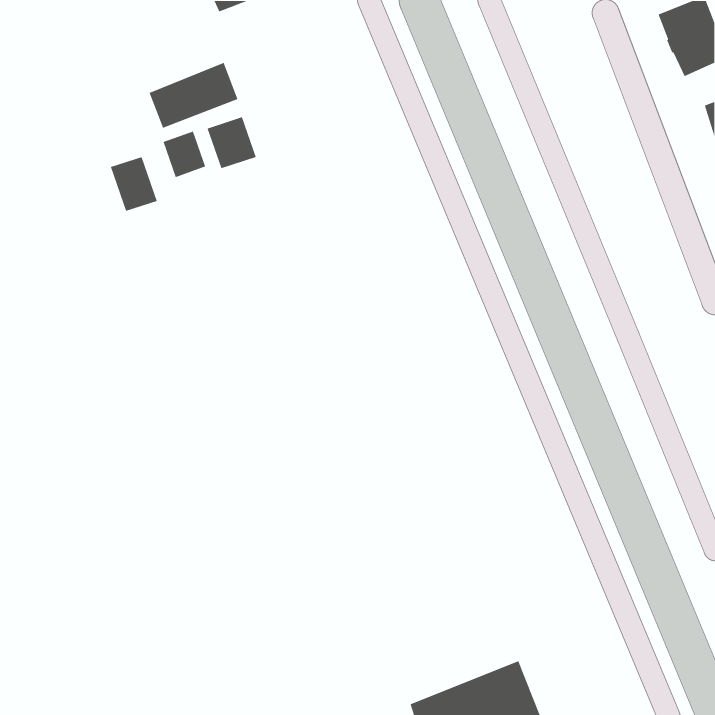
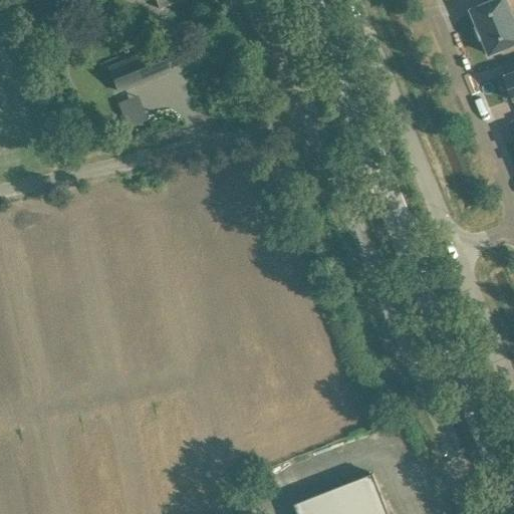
building: [207,116,257,169] -> none
building: [110,156,158,212] -> none

